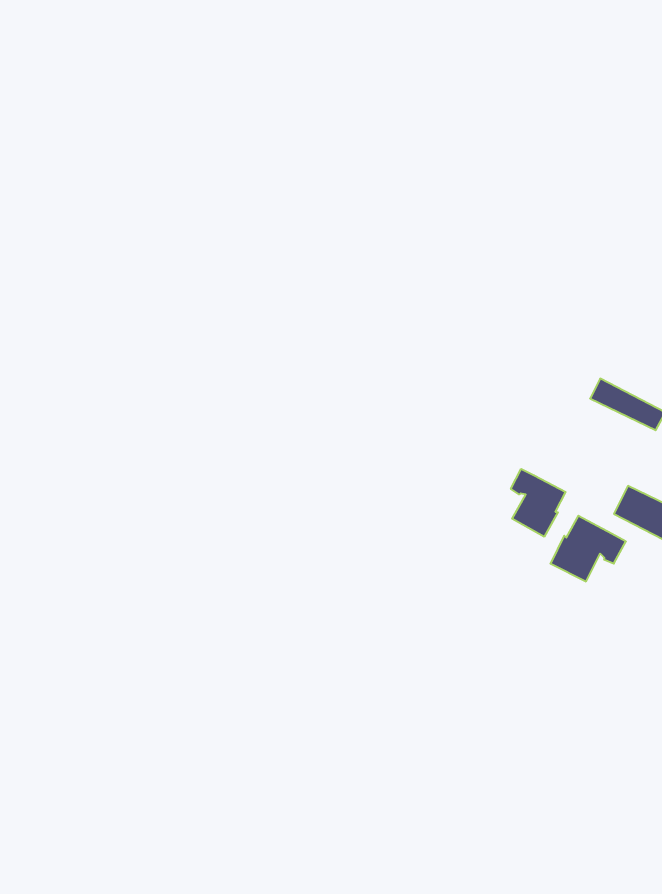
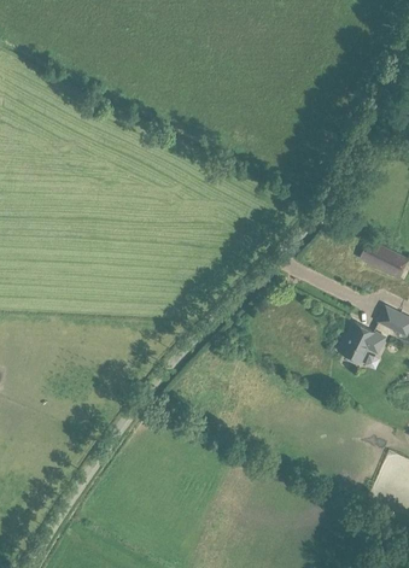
building: [511,469,566,537] -> none

